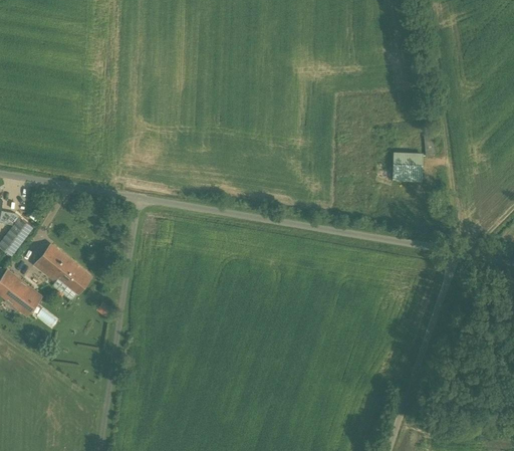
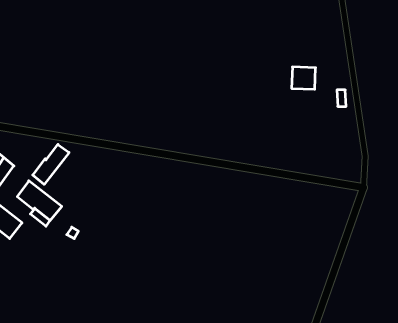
building: [392,155,421,182] -> [292,67,316,89]
building: none -> [33,144,69,184]

